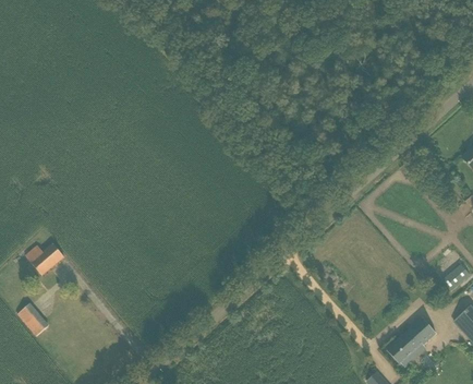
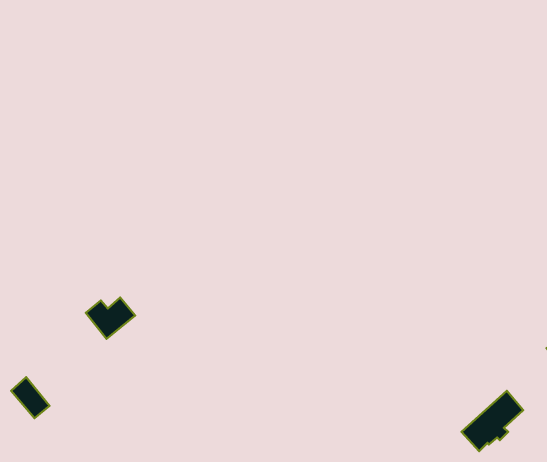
building: [26,243,65,276] -> [86,298,135,339]

